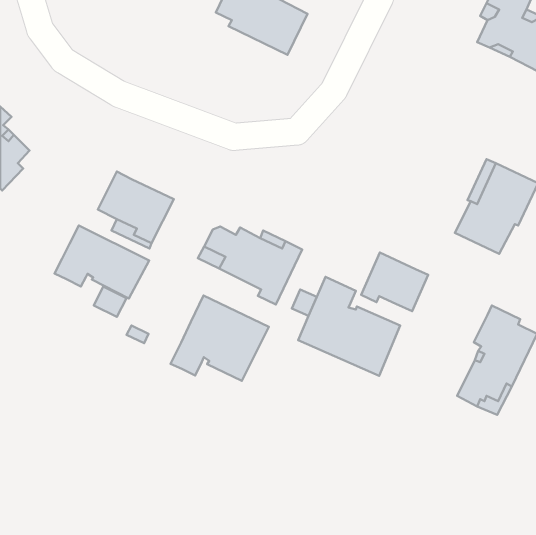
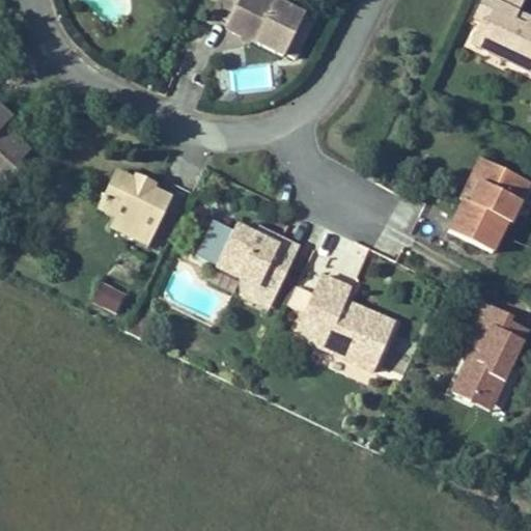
building: [54,225,149,298] -> none
building: [361,253,428,311] -> none
building: [170,296,269,381] -> none

